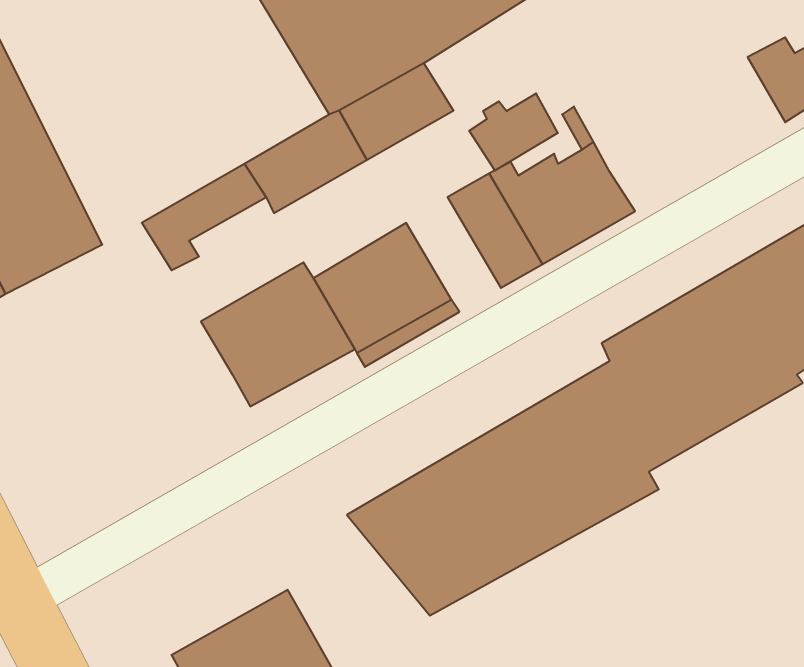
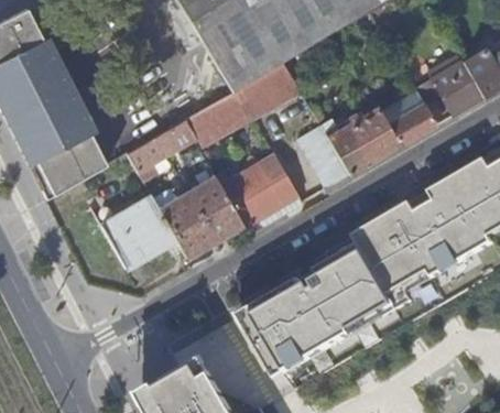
building: none -> [430,59,486,115]
building: [469,93,558,170] -> [388,102,437,145]
building: none -> [100,195,177,268]

